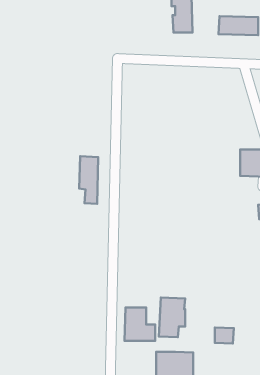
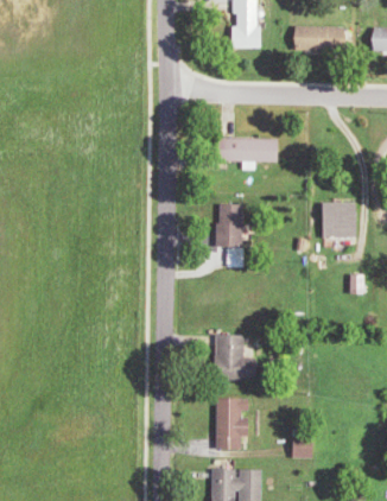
building: none -> [221,137,279,164]
building: [79,156,98,204] -> [217,205,242,268]
building: [125,307,155,341] -> [214,336,254,380]

